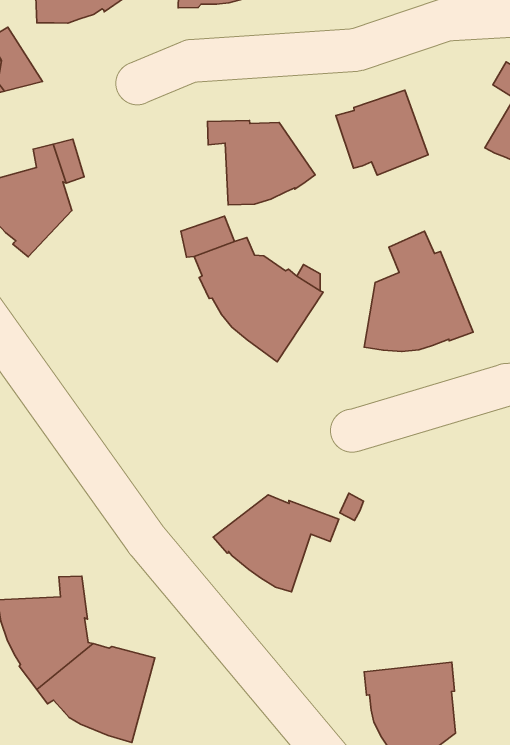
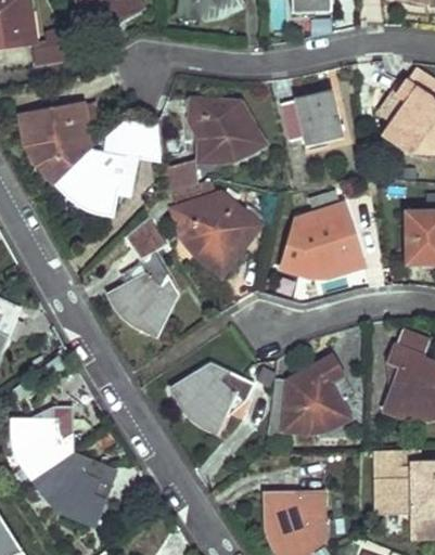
building: none -> [55,120,158,214]
building: none -> [107,216,176,338]
building: none -> [271,357,351,431]

